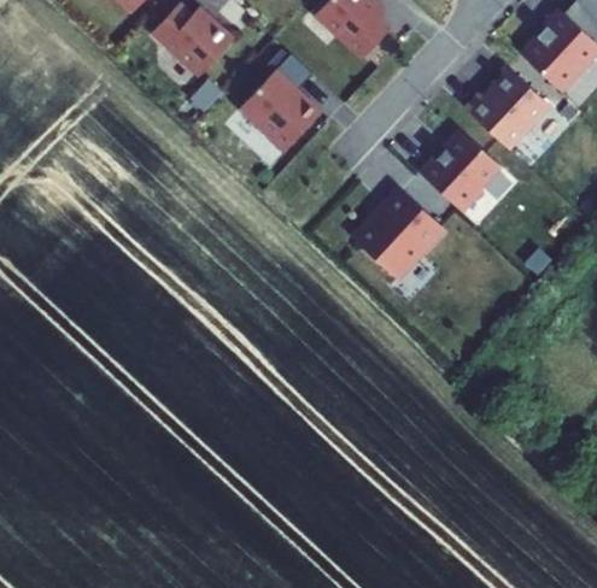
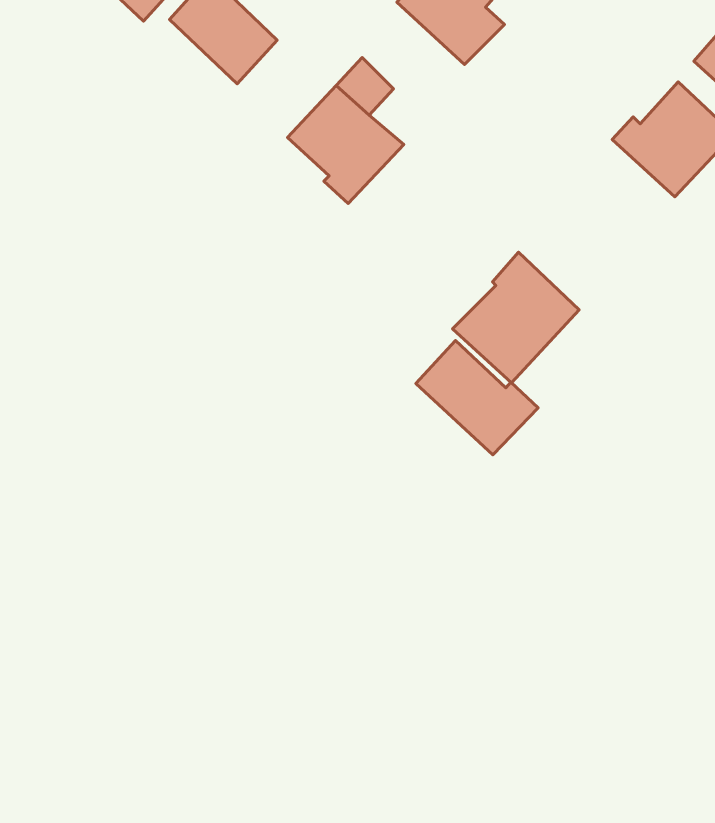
building: [420,131,502,214] -> none
building: none -> [416,340,538,455]

